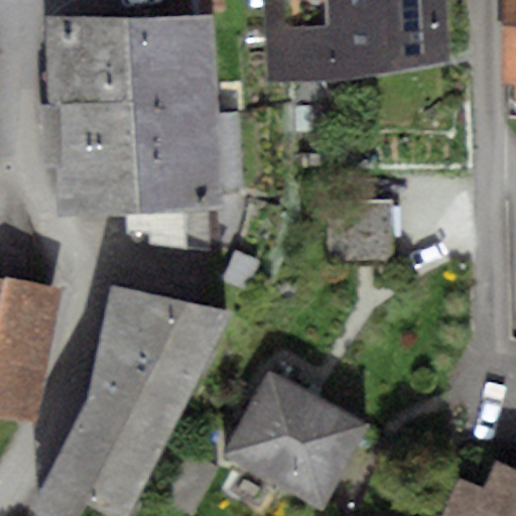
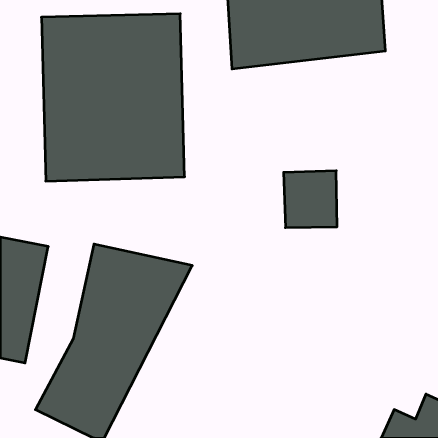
building: [229,374,364,507] -> none

